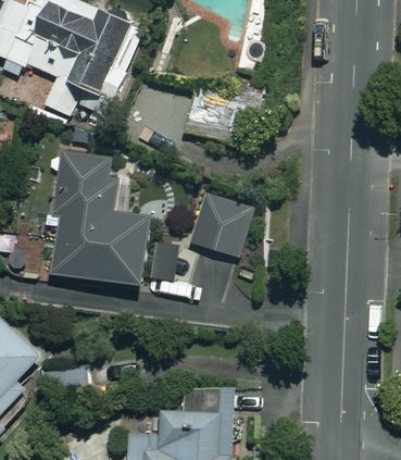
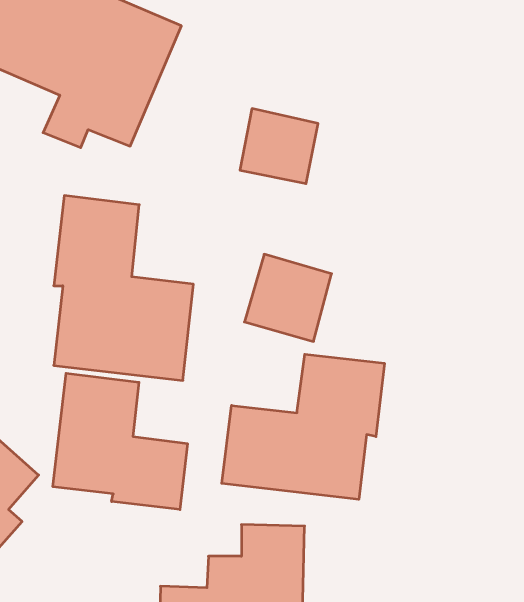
building: none -> [222,354,384,499]
building: none -> [53,373,187,510]

